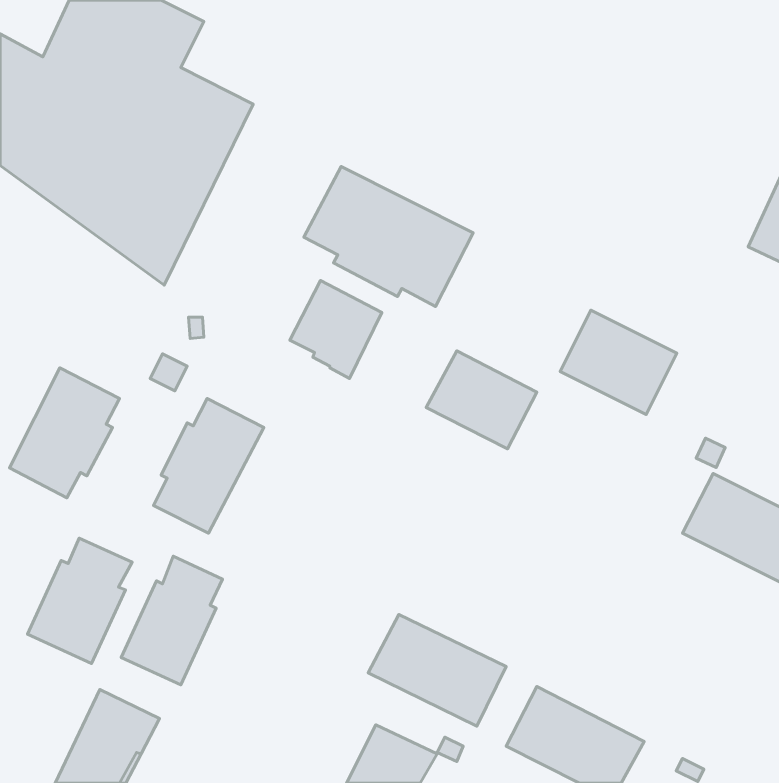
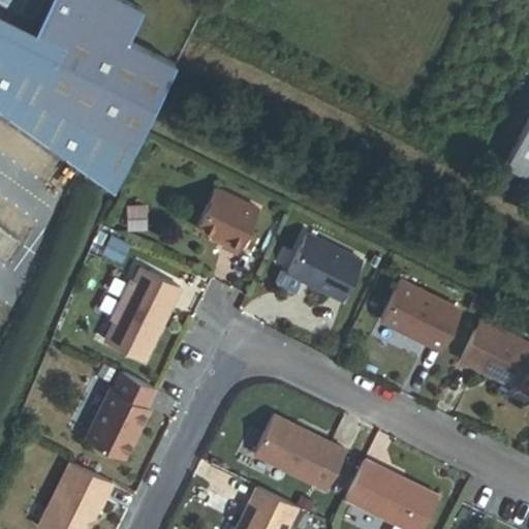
building: [304,166,473,306] -> none
building: [560,310,677,414] -> [383,281,462,351]
building: [9,368,120,498] -> none
building: [27,538,132,663] -> none

